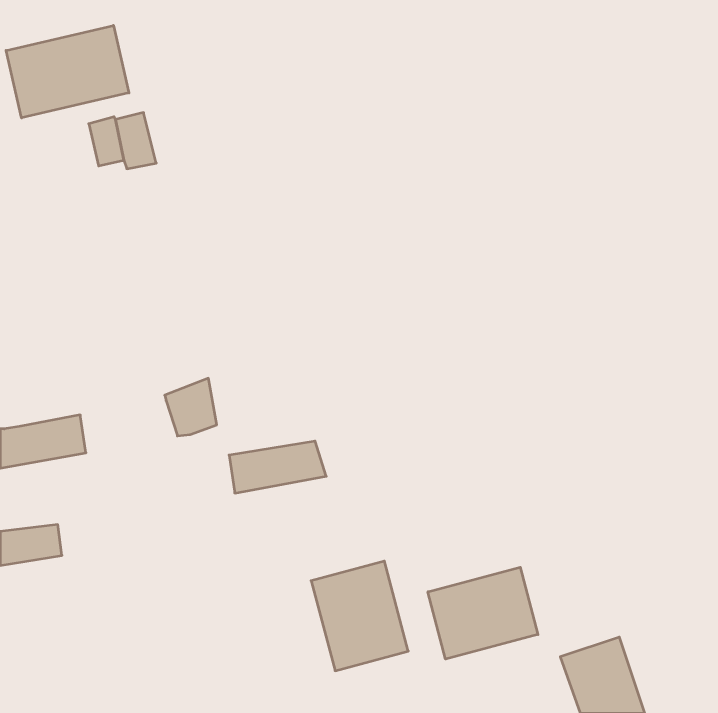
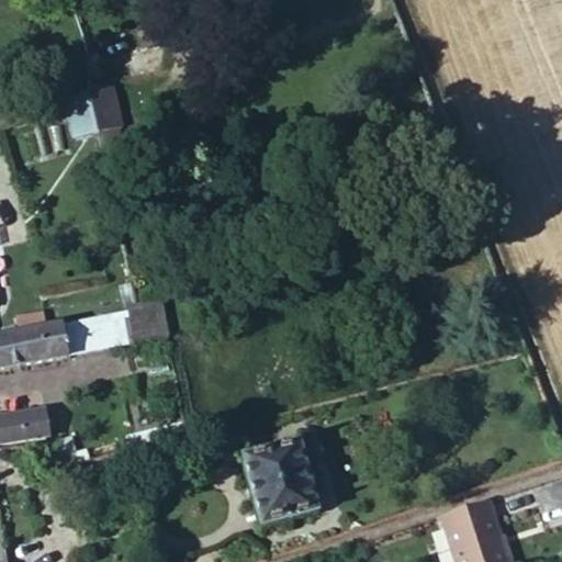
building: [6,25,129,118] -> none
building: [229,441,326,493] -> [64,313,139,353]
building: [428,567,538,659] -> none

